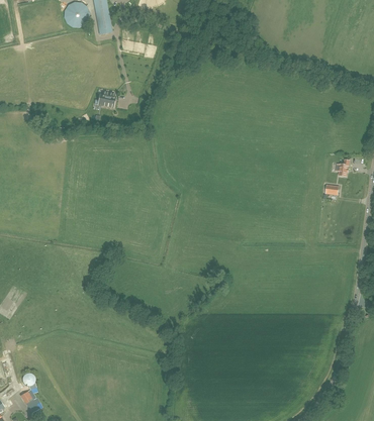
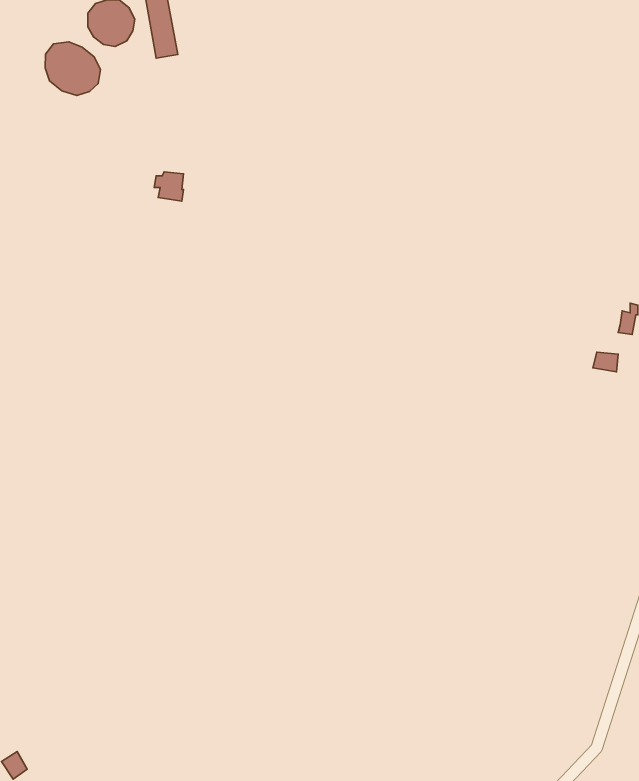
building: none -> [45,42,101,96]

